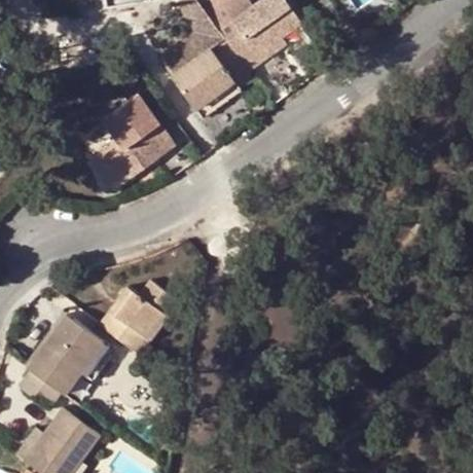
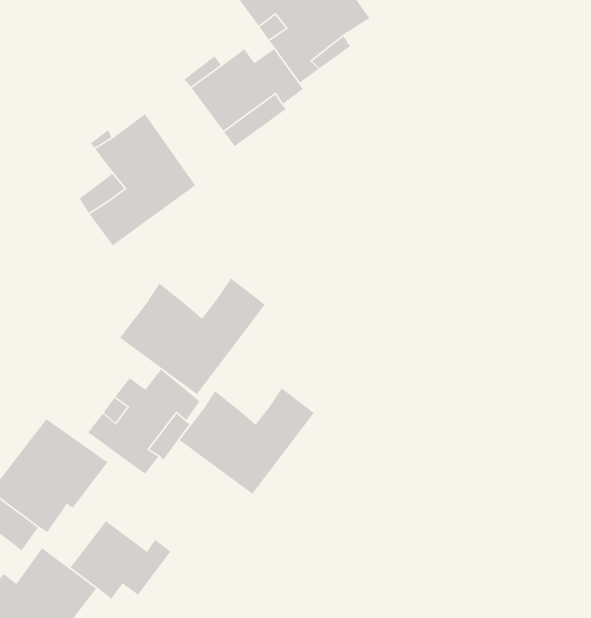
building: none -> [119,277,266,395]
building: none -> [179,387,315,495]
building: none -> [69,520,172,600]

